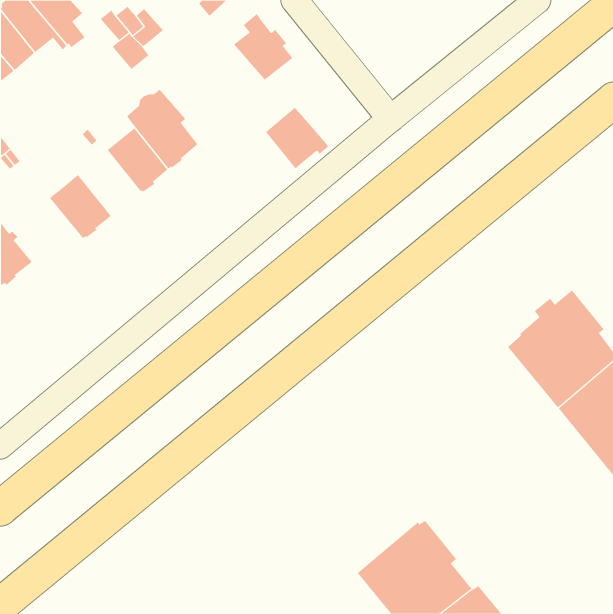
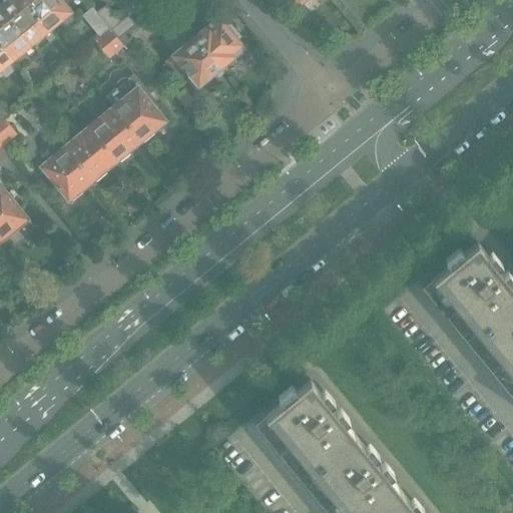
building: [265,107,329,169] -> [170,37,223,89]
building: none -> [58,124,118,180]
building: none -> [256,380,350,478]

